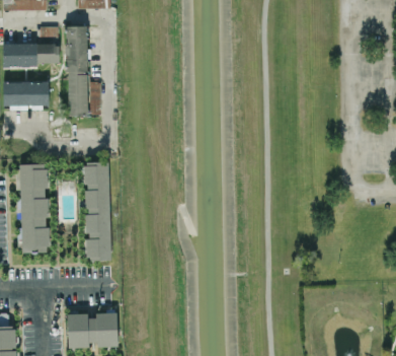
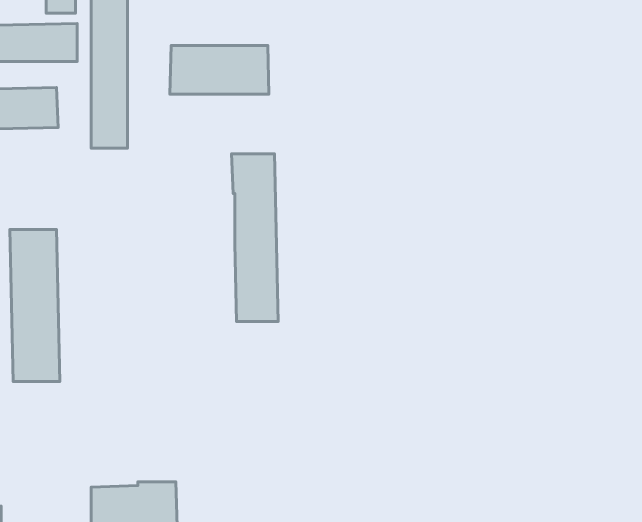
building: none -> [170,46,269,94]
building: [83,162,110,261] -> [231,154,278,321]

